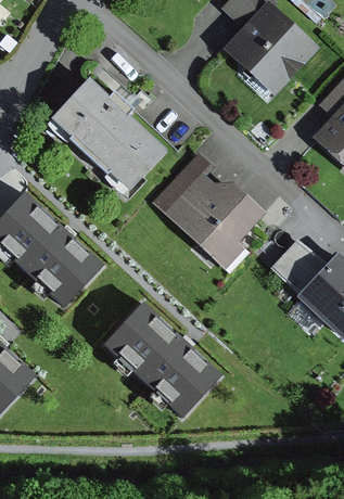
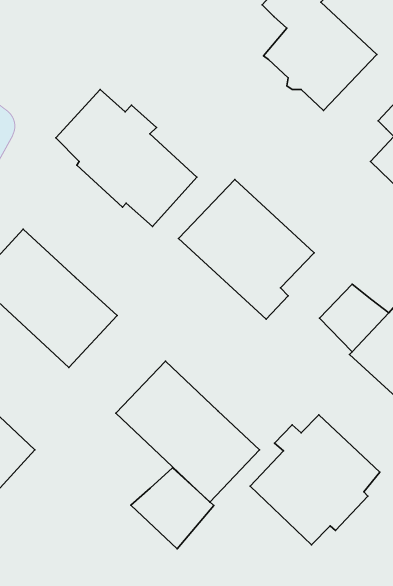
building: none -> [250,415,380,545]
building: none -> [131,468,214,549]

